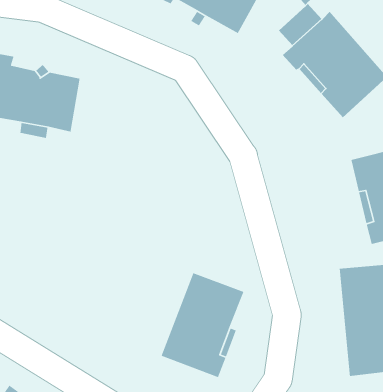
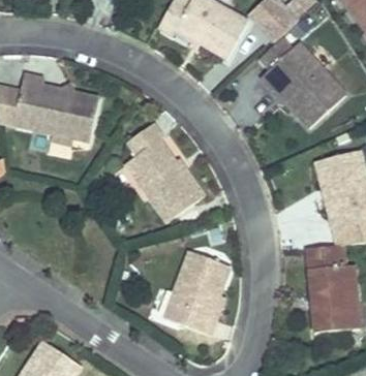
building: none -> [127,134,206,223]

